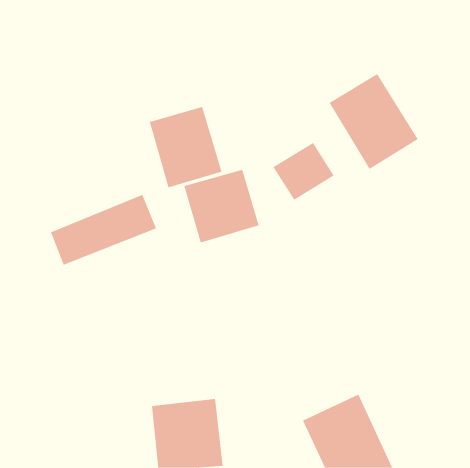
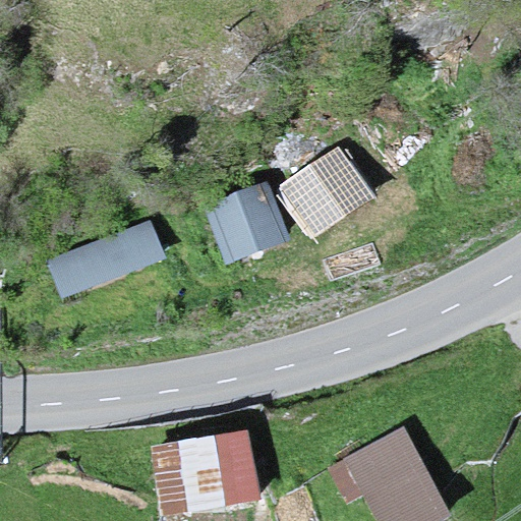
building: [329,73,419,170] -> none
building: [149,106,222,188] -> none

